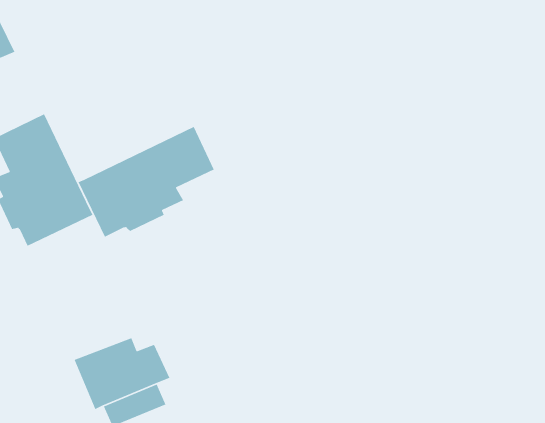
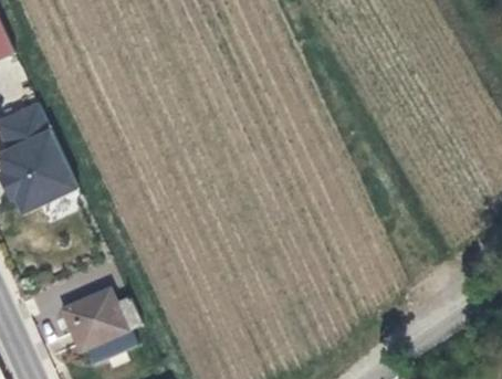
building: [78,126,215,238] -> none

